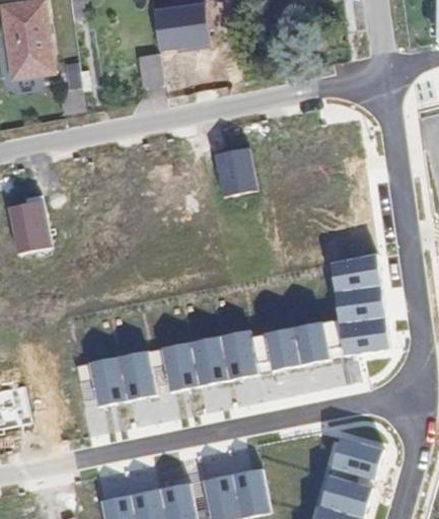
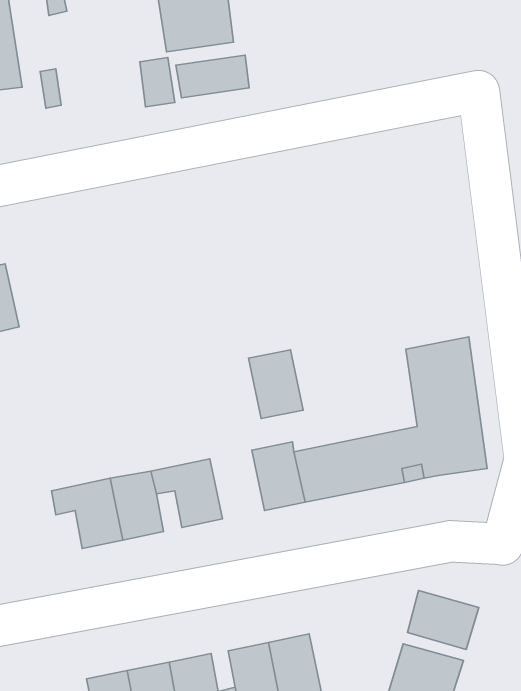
building: none -> [176,55,249,98]
building: [213,148,258,196] -> none
building: [189,336,228,385] -> [249,350,303,418]

